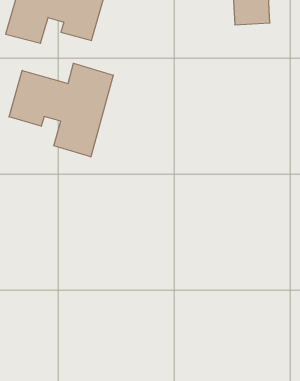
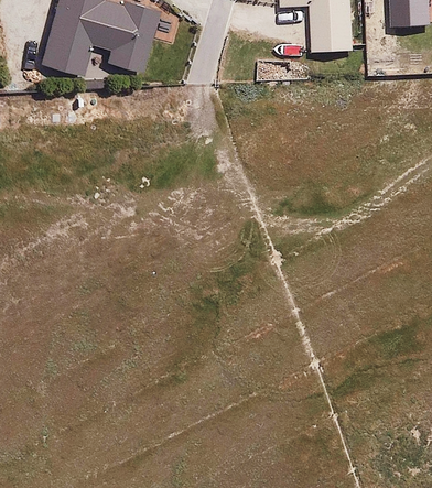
building: [9,63,113,157] -> none

